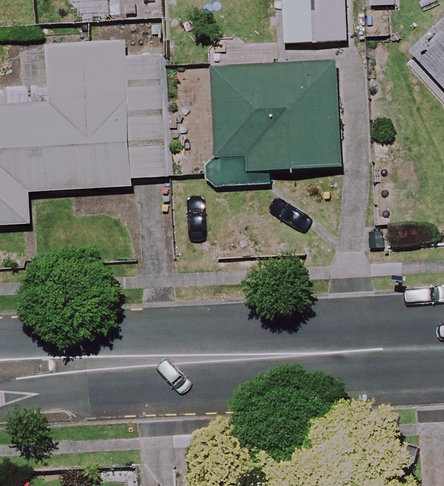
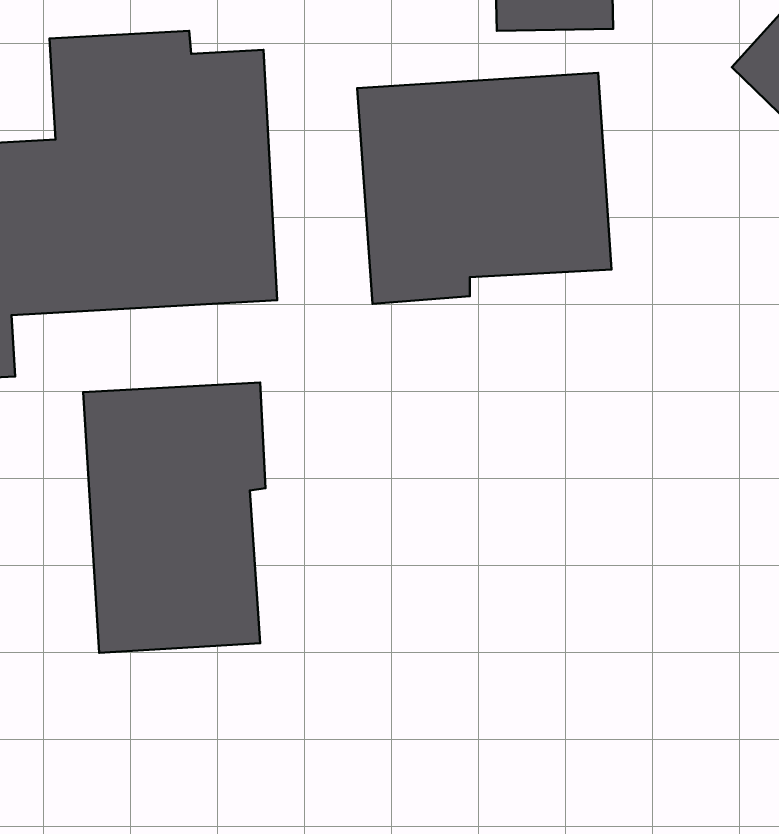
building: none -> [83,383,265,653]

